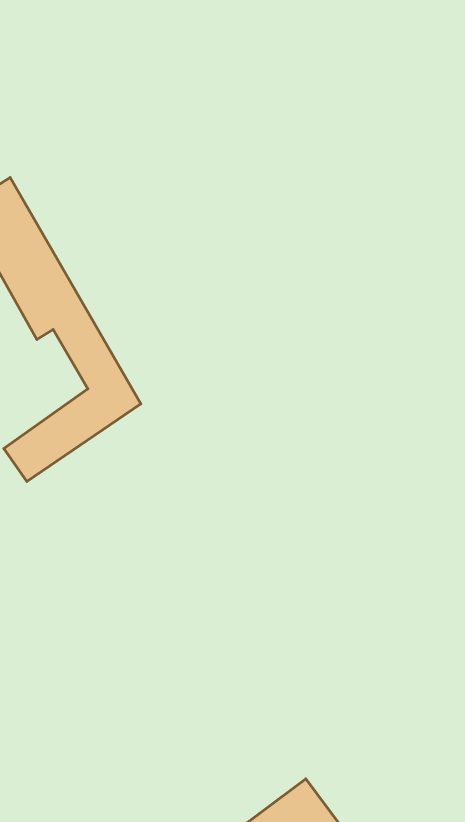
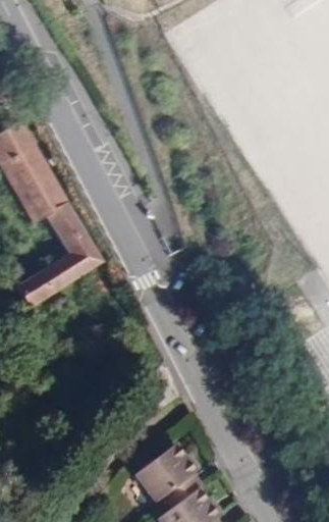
building: none -> [141,448,207,514]

